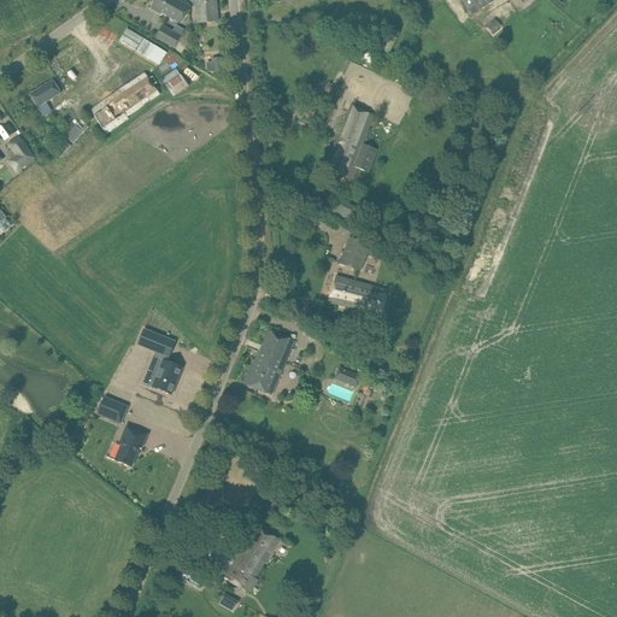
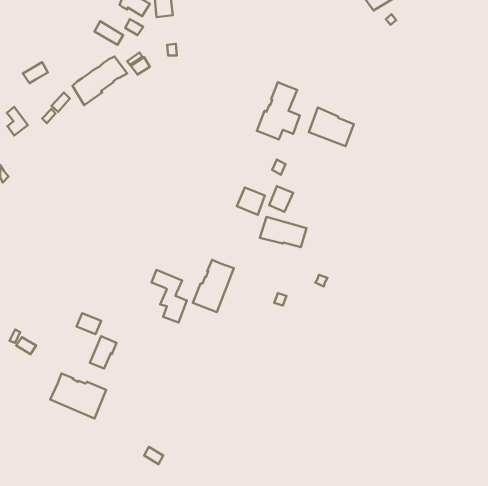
building: none -> [309,108,354,146]
building: none -> [237,187,265,215]
building: [137,327,182,393] -> [152,270,187,322]
building: none -> [50,373,106,418]
building: [224,525,278,592] -> none

